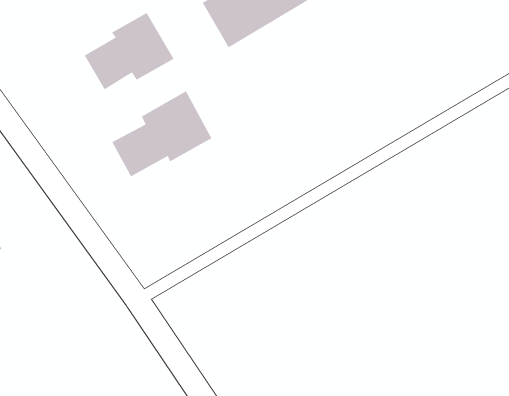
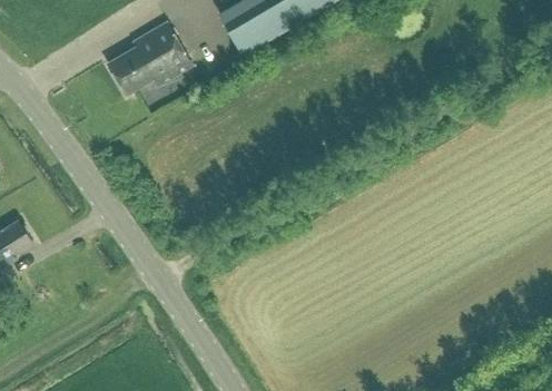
building: [111,91,212,177] -> none

